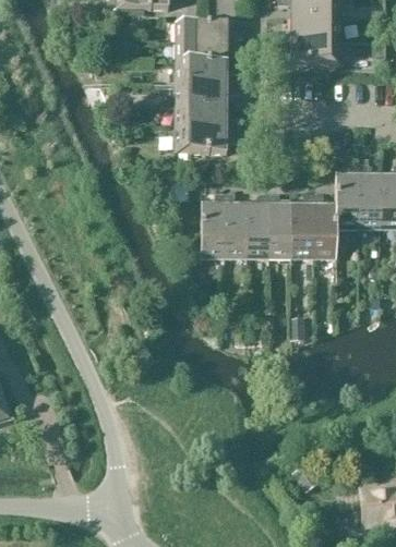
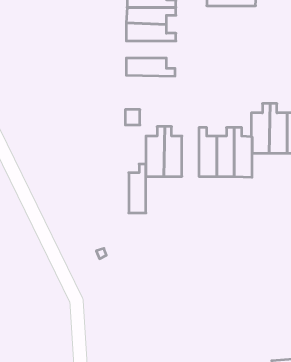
building: [278,40,340,63] -> none
building: [176,85,239,107] -> none
building: [176,129,238,153] -> none
building: [247,195,268,257] -> [129,164,146,213]

